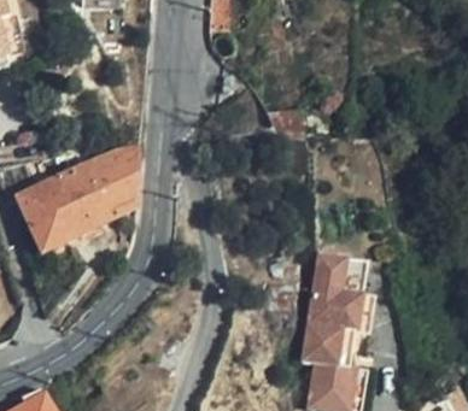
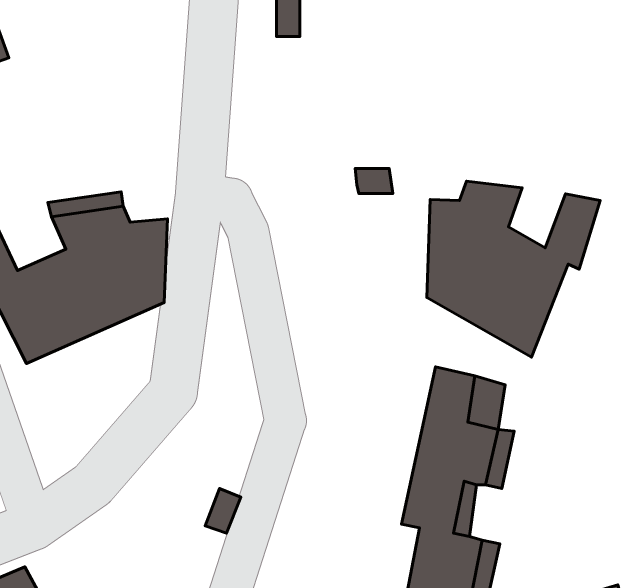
building: none -> [427,181,600,357]

